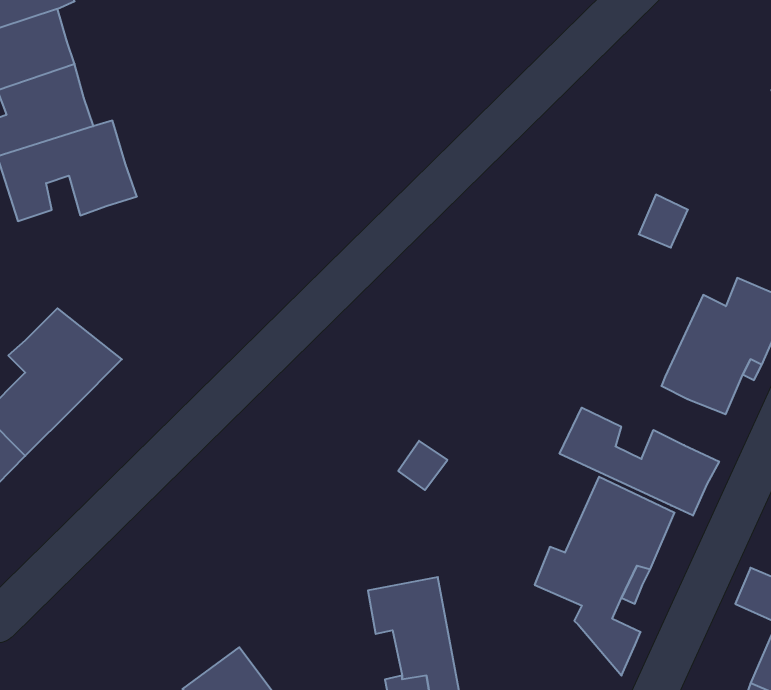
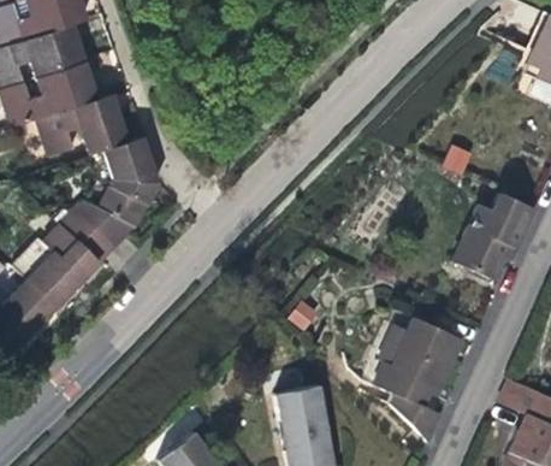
building: none -> [73,136,158,244]
building: [560,408,719,516] -> none

